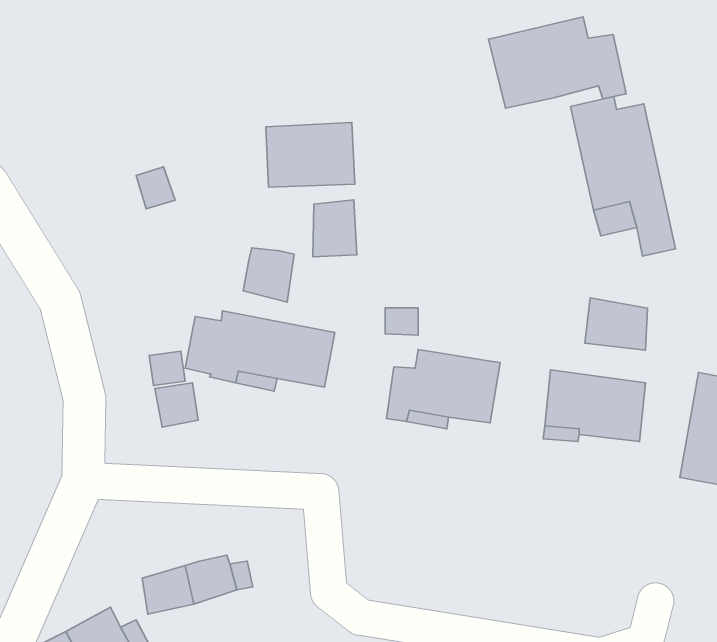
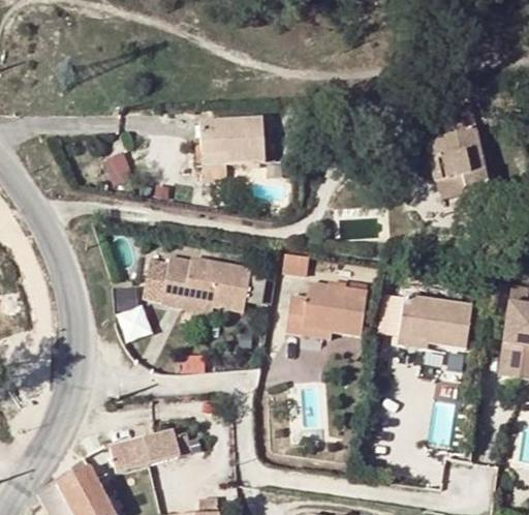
building: [488,17,626,108] -> none
building: [313,200,357,257] -> none
building: [243,248,294,302] -> none
building: [585,298,648,350] -> none

